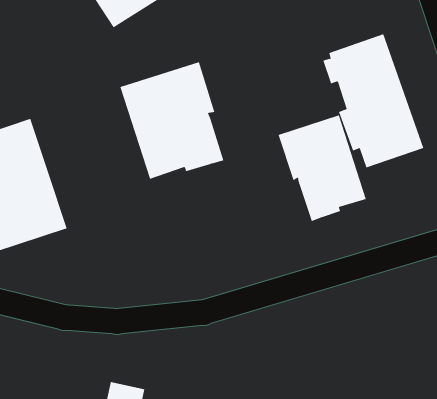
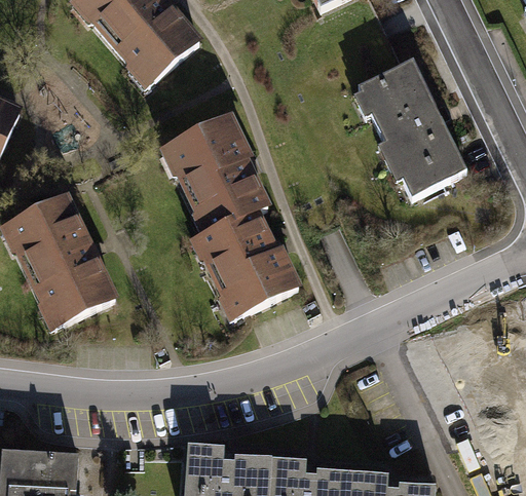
building: [278,115,367,222] -> none
building: none -> [188,212,299,321]

